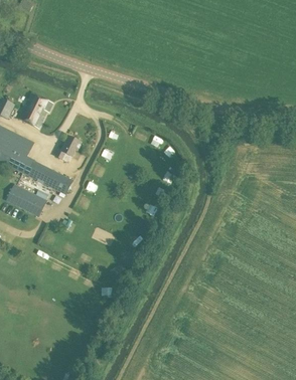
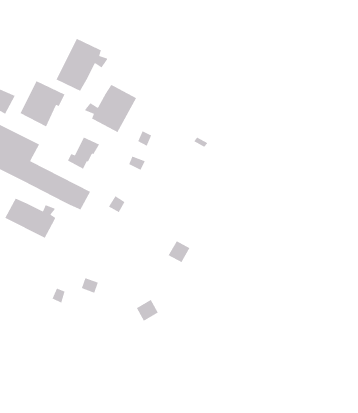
building: none -> [56,38,108,92]
building: none -> [84,83,137,133]

